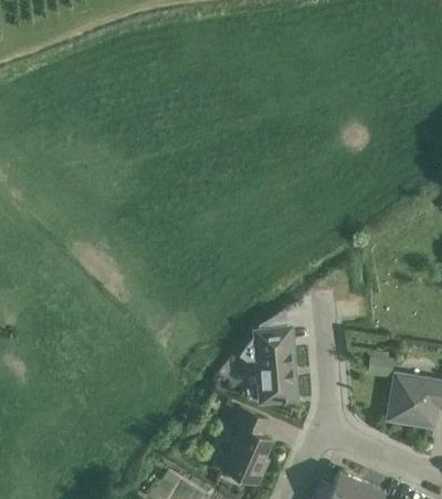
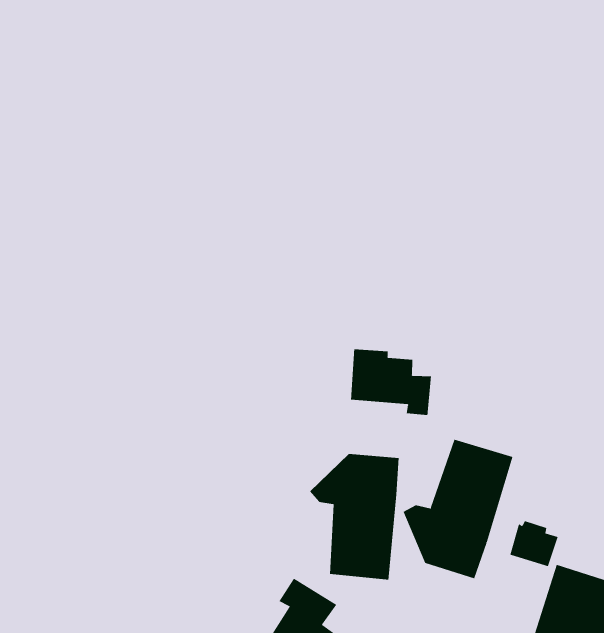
building: none -> [350,348,432,416]
building: none -> [403,439,513,579]

